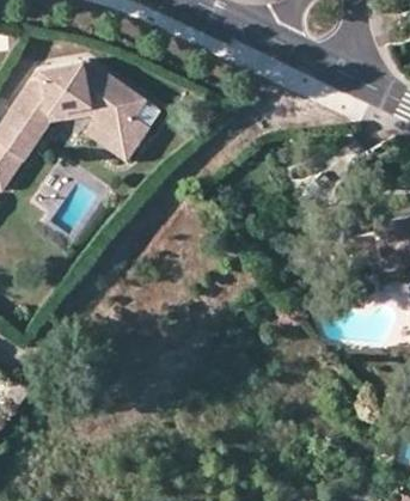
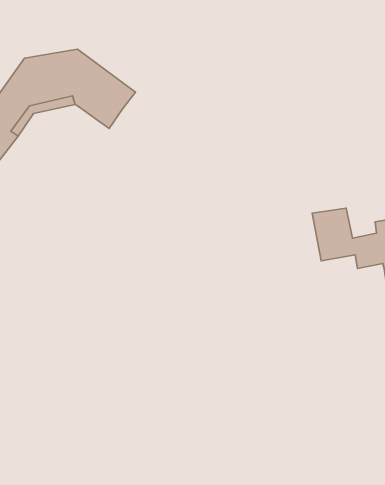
building: [84,116,147,160] -> none

